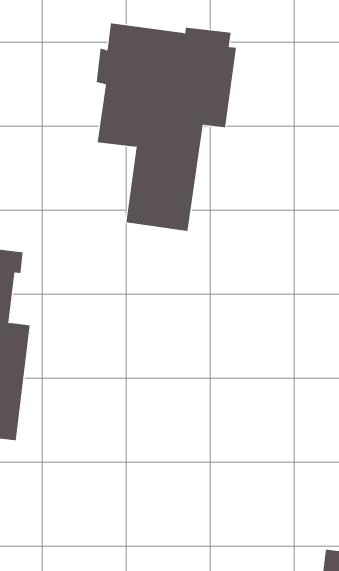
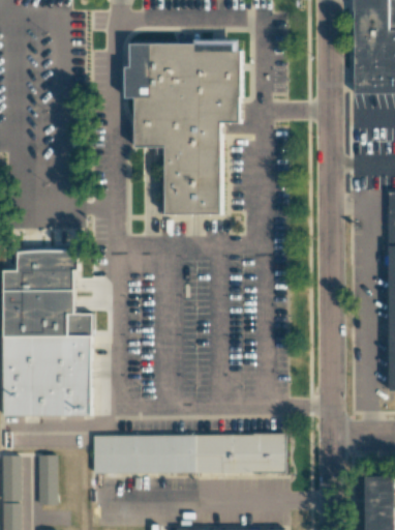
building: none -> [93,433,287,472]

